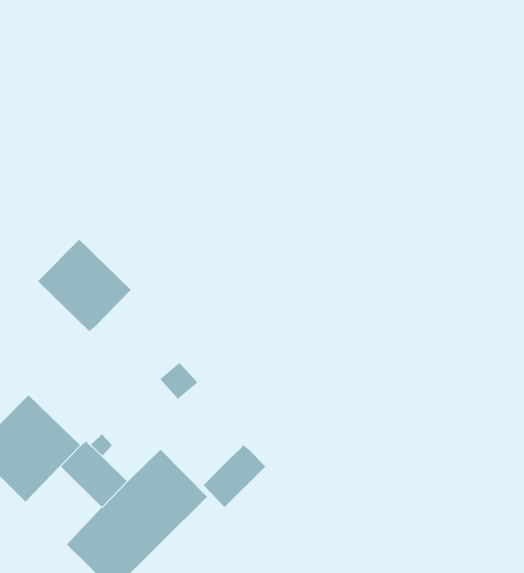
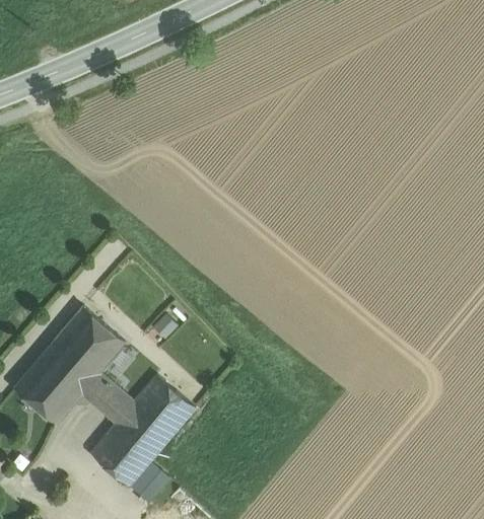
building: [37,239,131,332] -> [53,308,125,378]
building: [203,444,266,507] -> none

